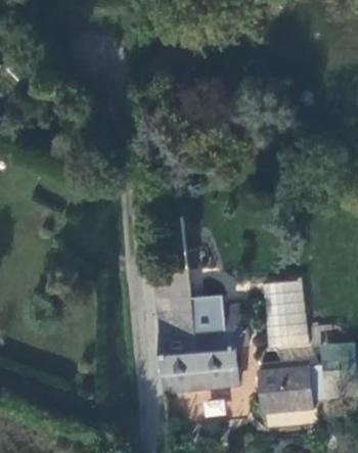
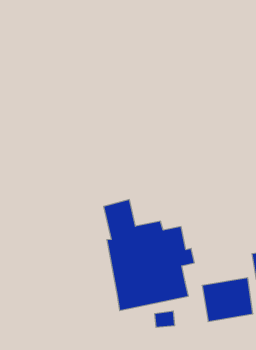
building: [262,278,308,349] -> none

